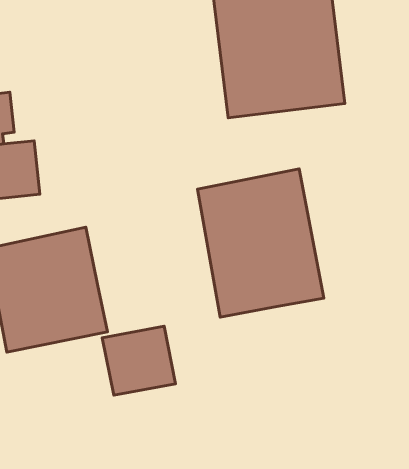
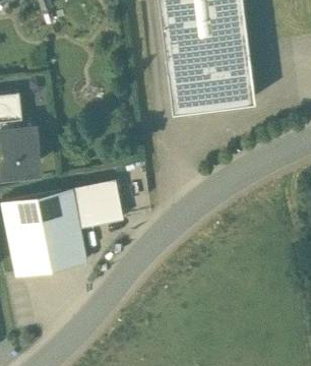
building: [198,169,324,317] -> none
building: [102,326,176,395] -> [71,181,123,230]

